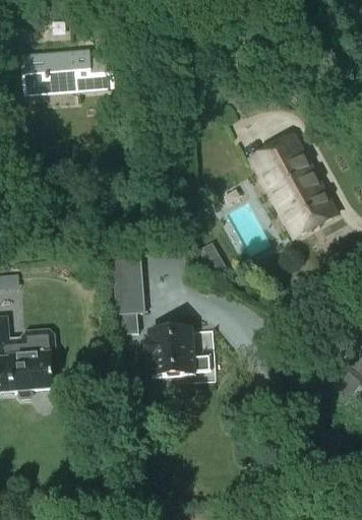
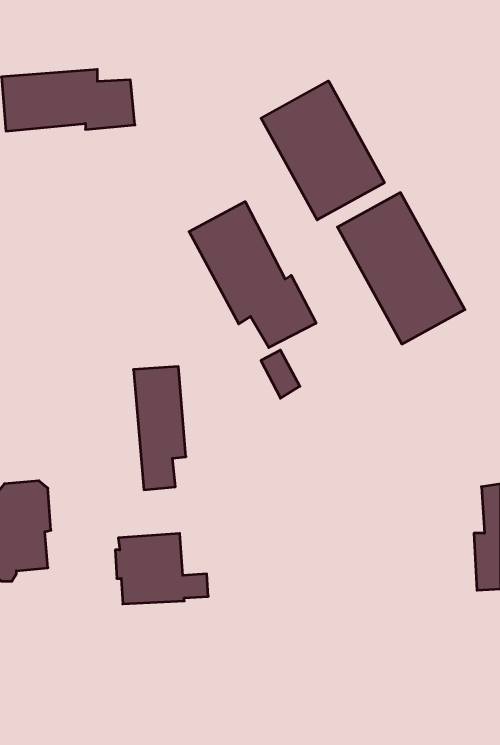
building: none -> [261,81,384,220]
building: none -> [189,202,316,348]
building: [146,327,209,375] -> [115,533,208,604]

